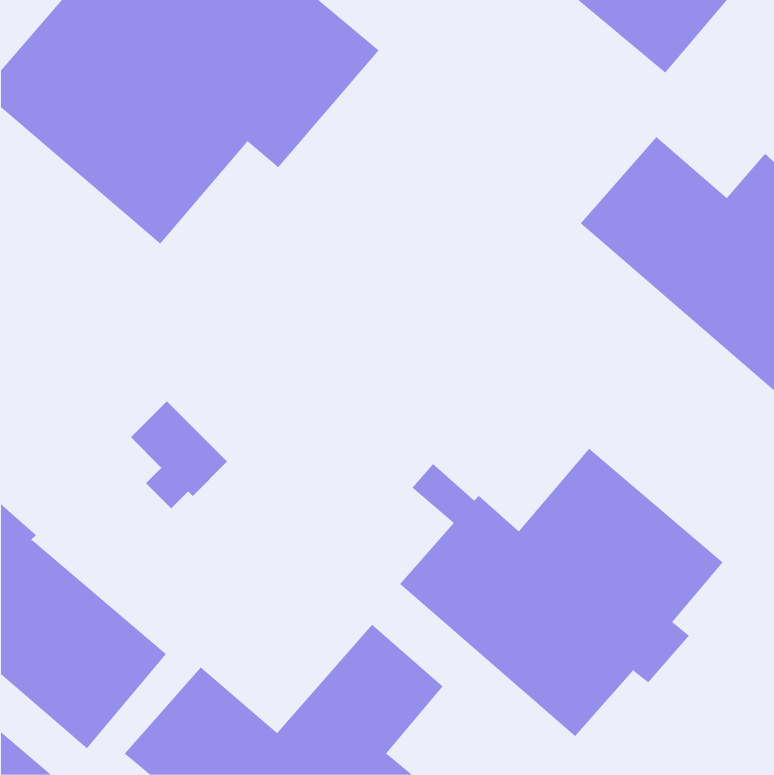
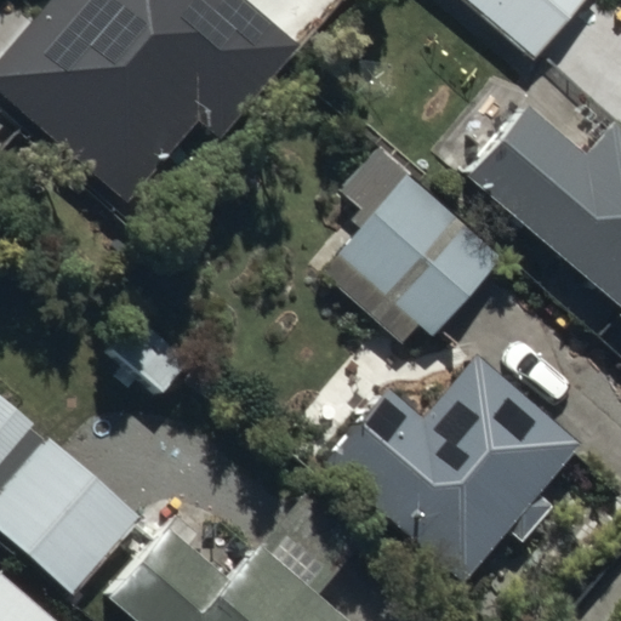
building: none -> [321,164,512,344]

